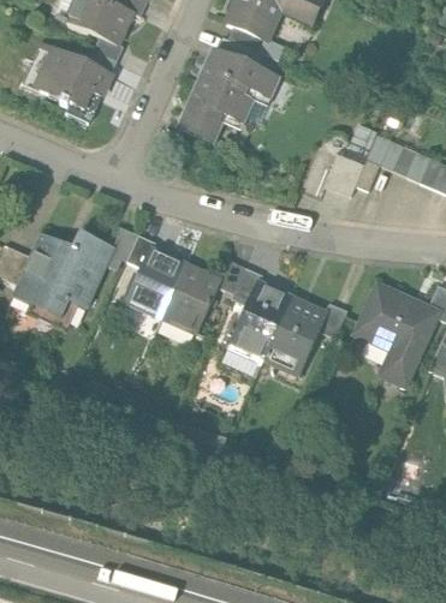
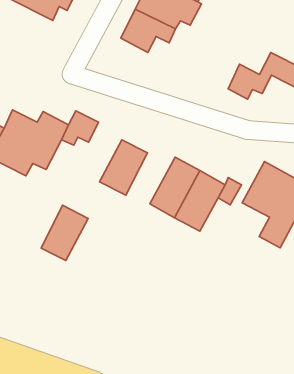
building: [126,245,186,318] -> [41,205,88,261]
building: [215,259,261,303] -> none

